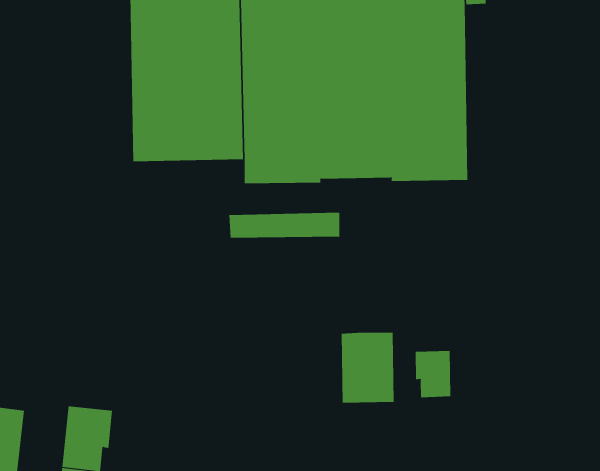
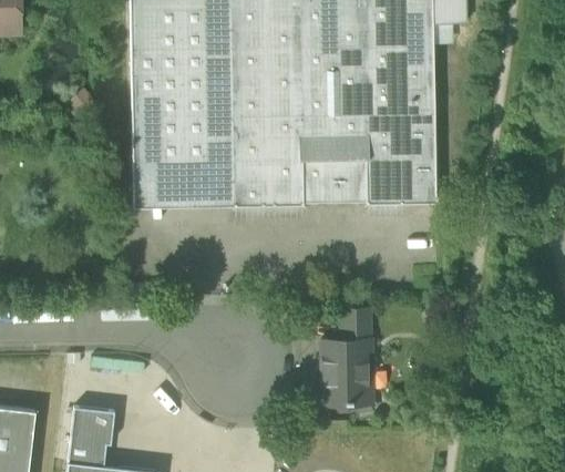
building: [229,212,340,238] -> [132,183,233,206]
building: none -> [340,308,369,340]
building: [415,350,451,398] -> none

